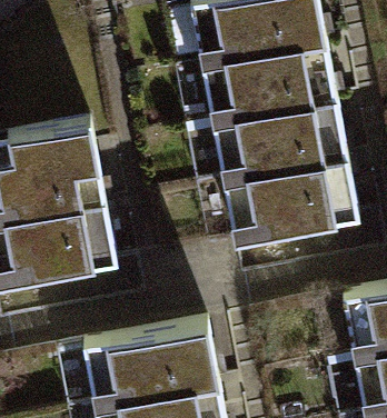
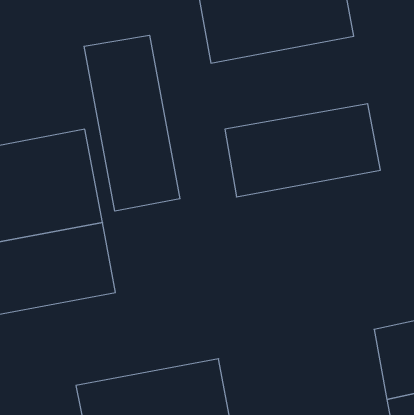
building: none -> [84,35,180,211]
building: [201,48,338,129] -> none
building: [224,165,360,249] -> none

